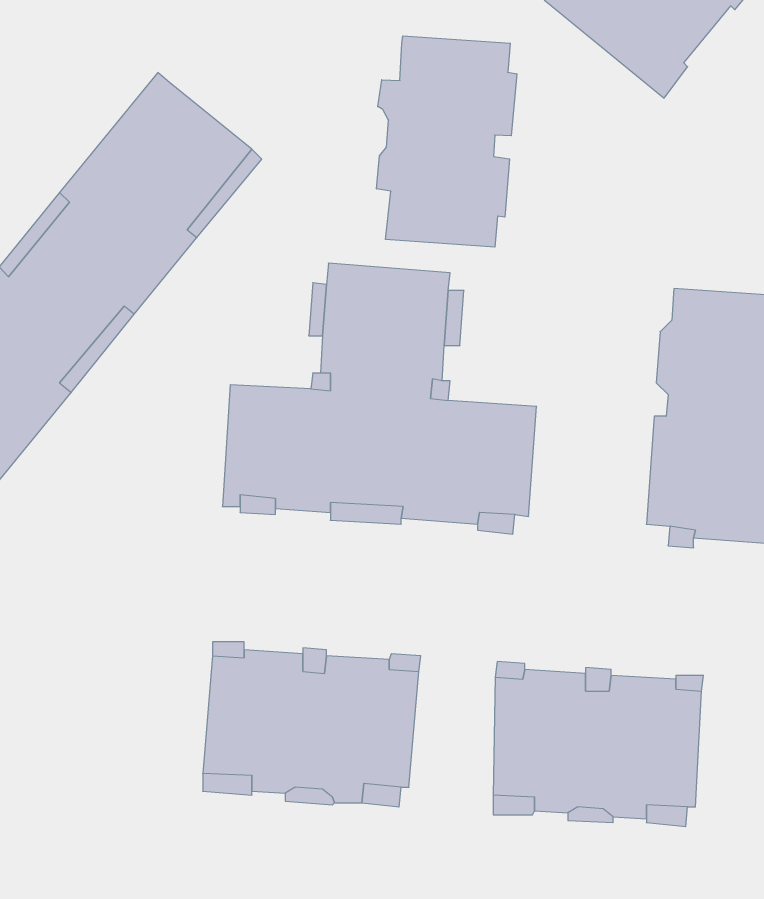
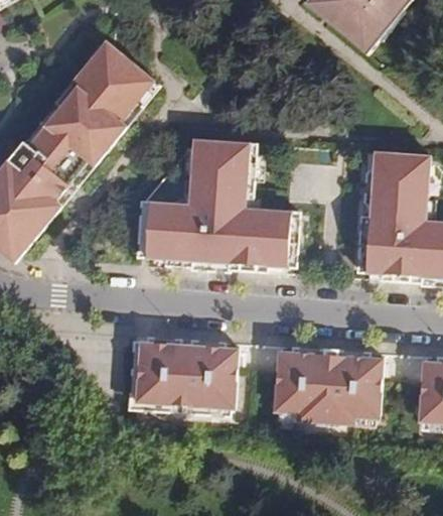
building: [377,36,517,247] -> none

